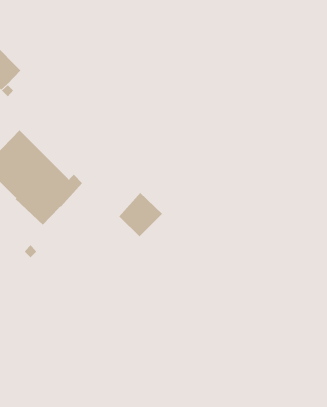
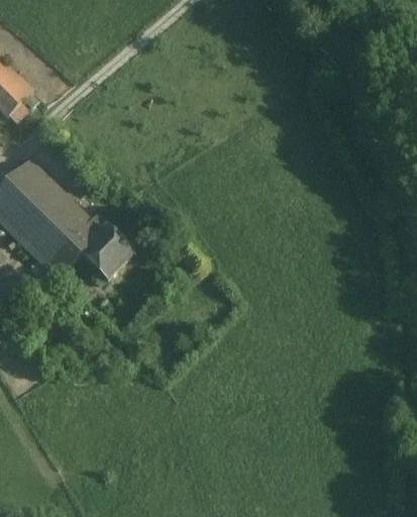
building: [119,192,163,237] -> [79,222,132,277]

